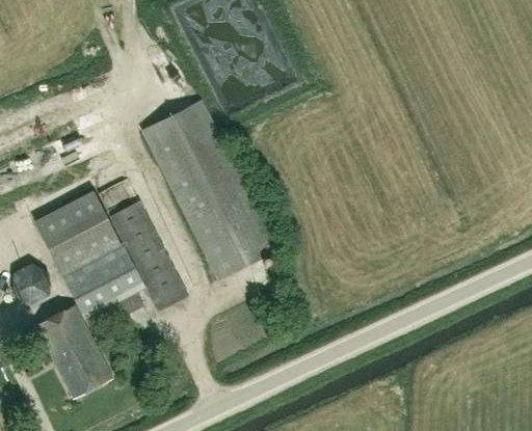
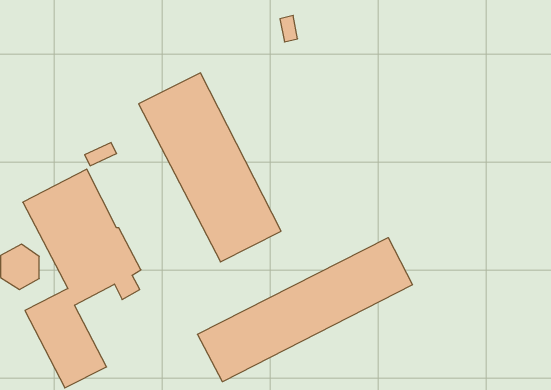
building: [109,199,189,311] -> none
building: none -> [197,238,412,382]

